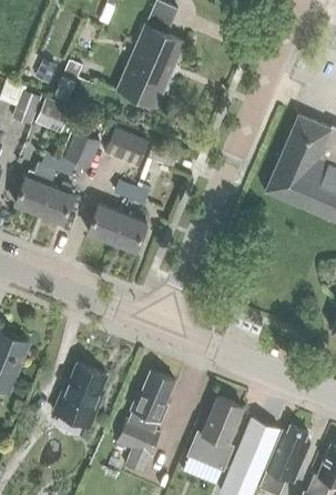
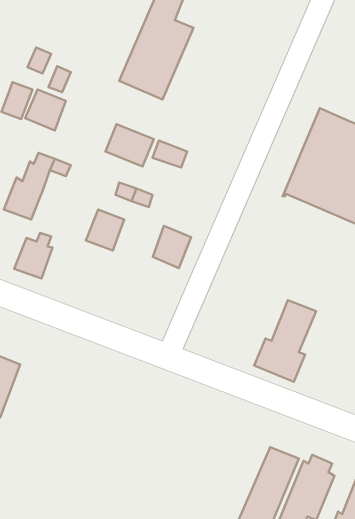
building: [64,132,100,169] -> none
building: [39,182,73,223] -> [14,233,52,279]
building: [112,214,146,252] -> [153,226,191,268]
building: [53,364,108,427] -> none
building: [116,371,174,473] -> none
building: [187,397,243,471] -> [254,300,316,382]

